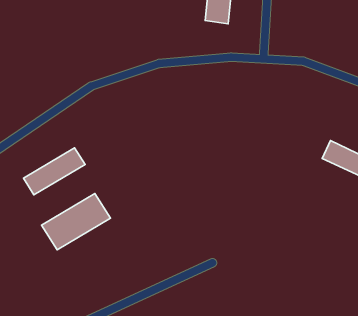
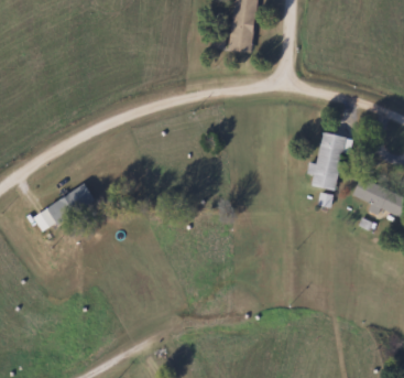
building: none -> [310,132,347,191]
building: [42,193,111,250] -> none

